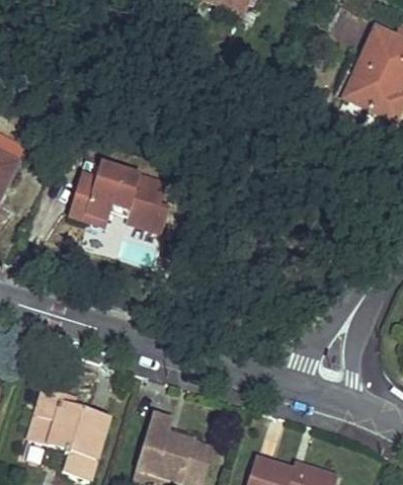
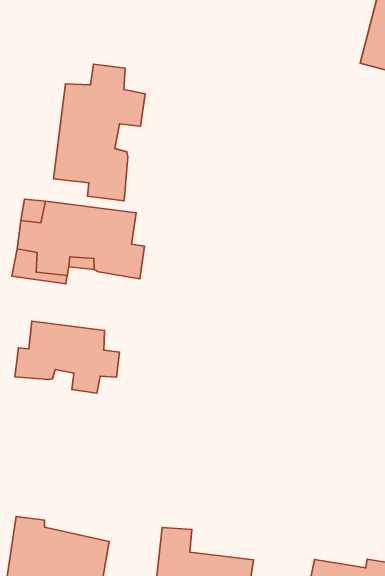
building: none -> [53,64,145,201]
building: none -> [15,321,120,393]

